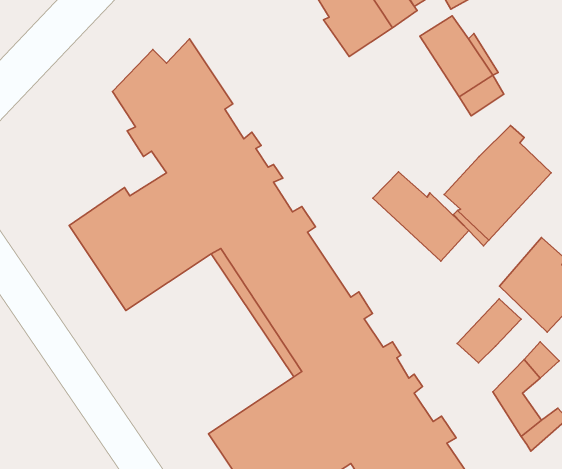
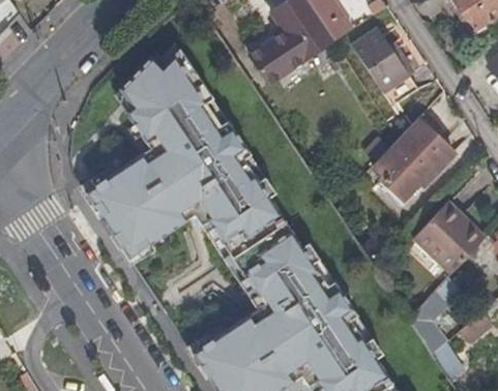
building: none -> [250,36,299,86]
building: [373,172,469,261] -> none
building: [457,299,521,363] -> none

